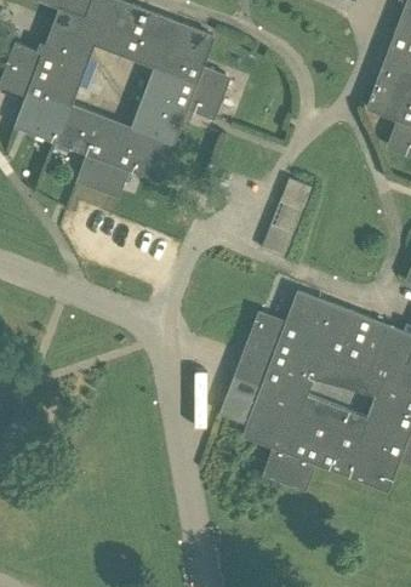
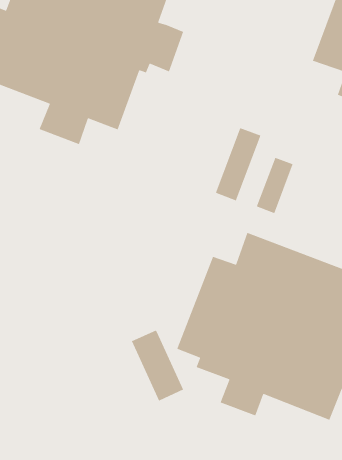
building: none -> [256,157,294,214]
building: none -> [131,329,184,401]

